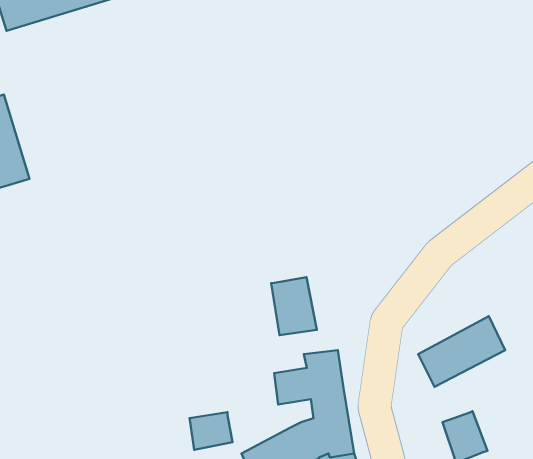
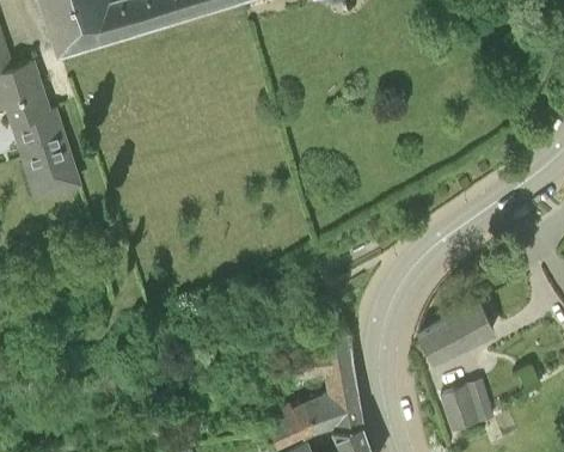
building: [271,277,317,335] -> none
building: [189,412,233,450] -> none

